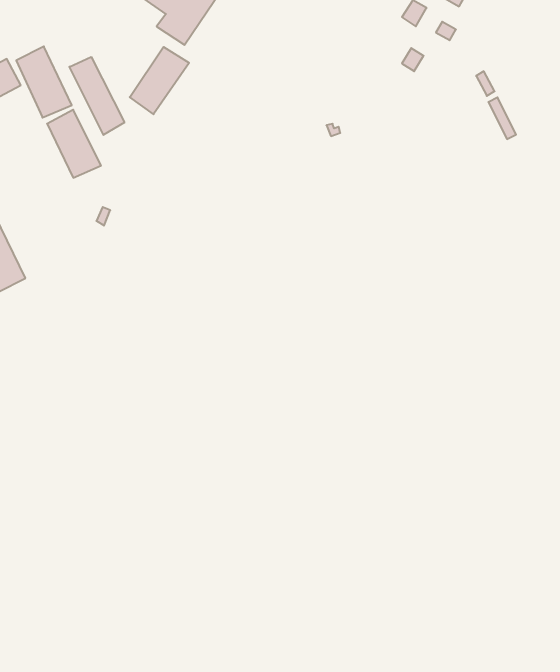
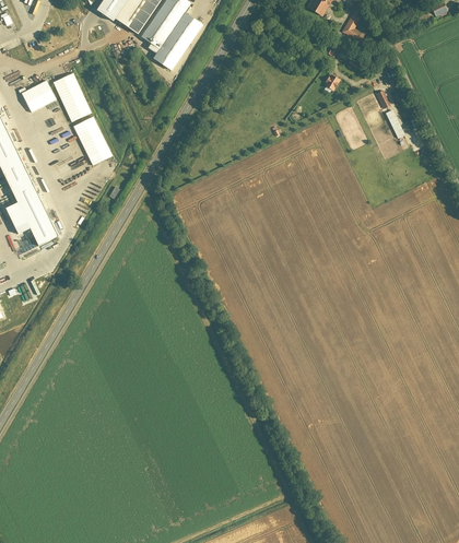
building: [130,47,189,114] -> none
building: [69,57,124,135] -> none

